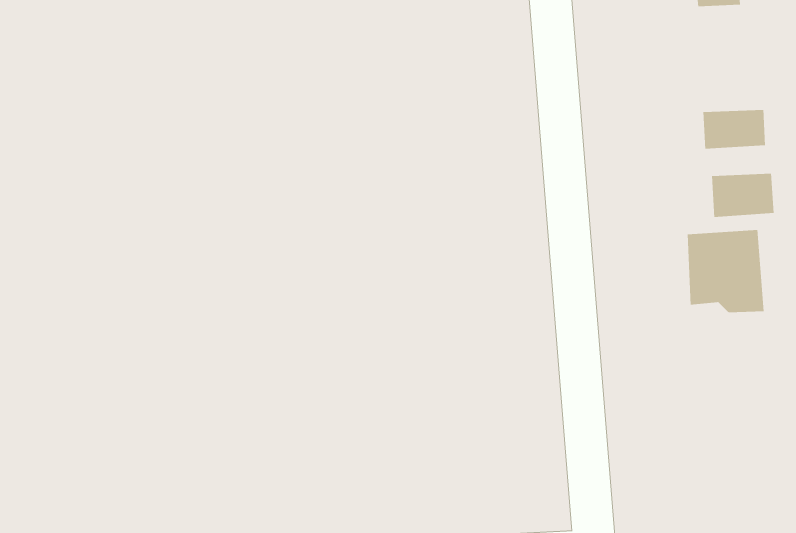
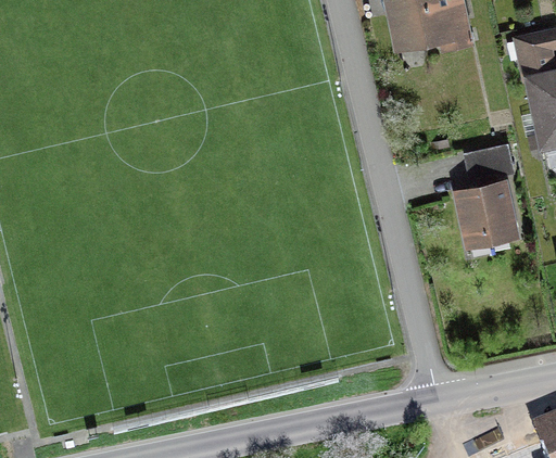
building: [703,109,766,150] -> none

